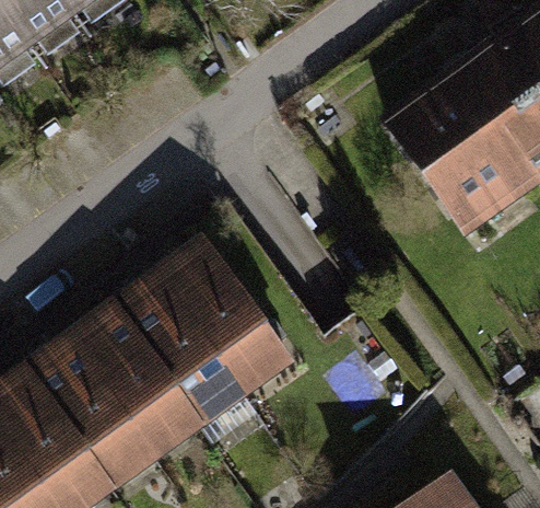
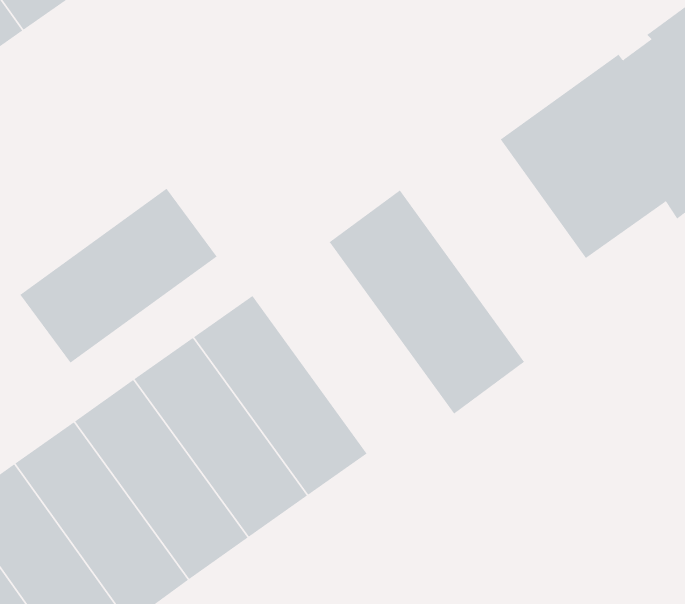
building: none -> [19,188,217,363]
building: none -> [329,189,525,415]

